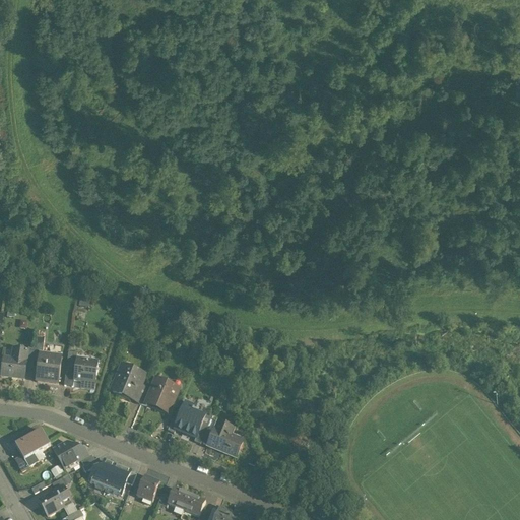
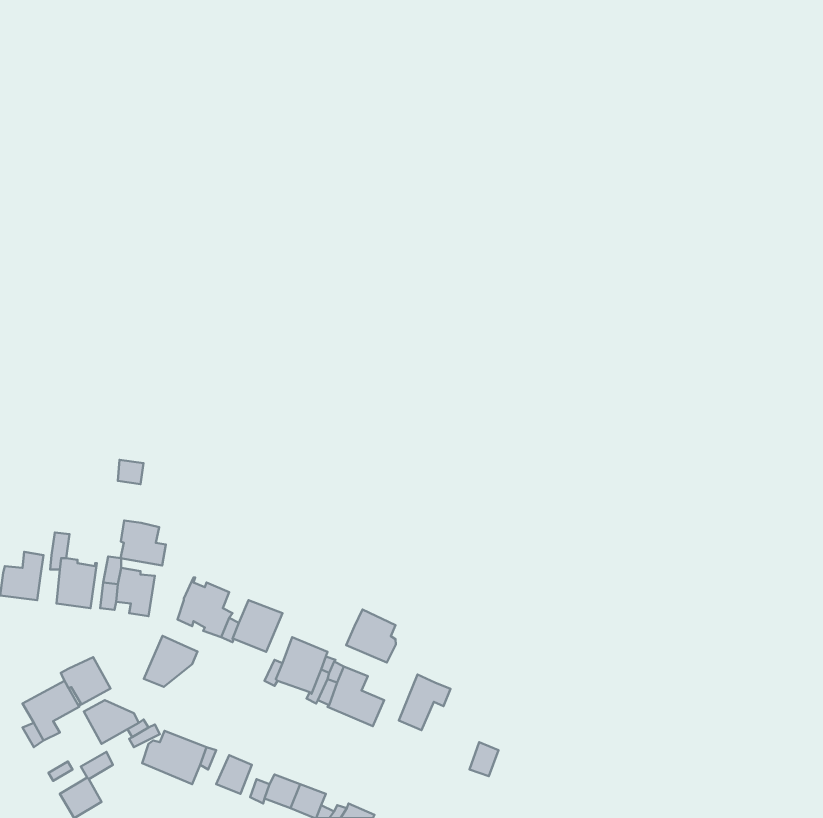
building: none -> [121,521,166,565]
building: none -> [346,610,396,663]
building: none -> [144,636,197,687]
building: none -> [61,657,111,706]
building: none -> [399,675,450,730]

